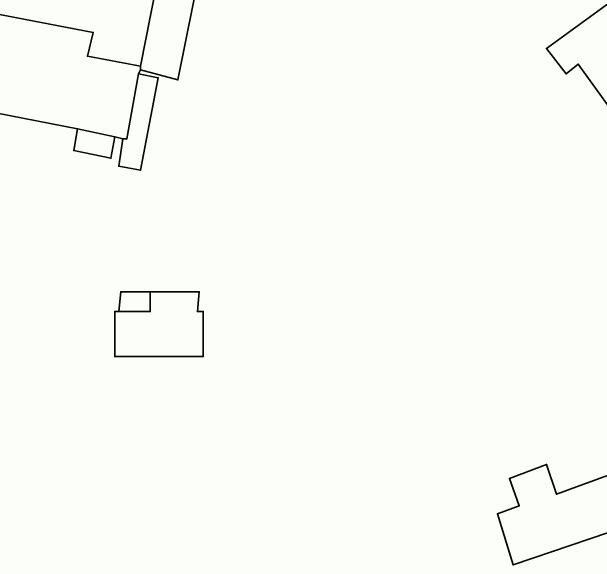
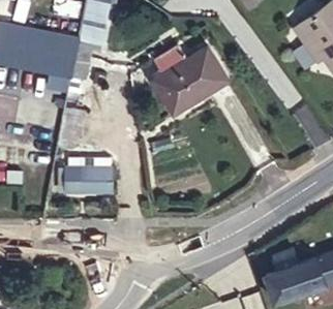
building: none -> [152,47,235,123]

